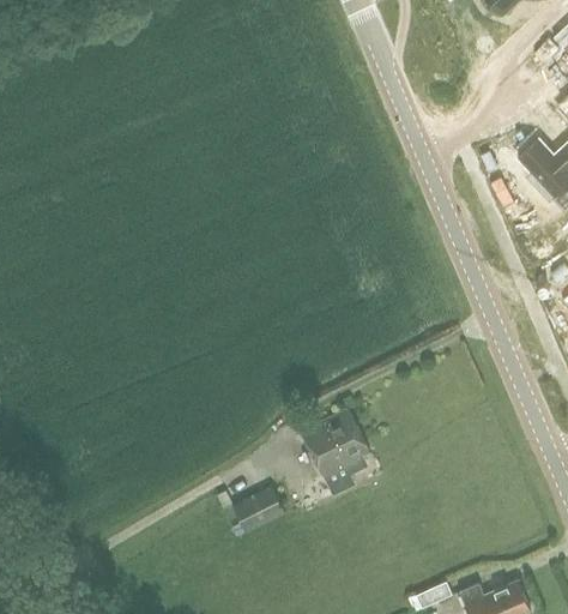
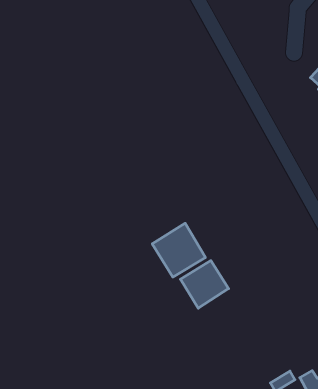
building: none -> [152,223,205,277]
building: [232,488,285,534] -> none

